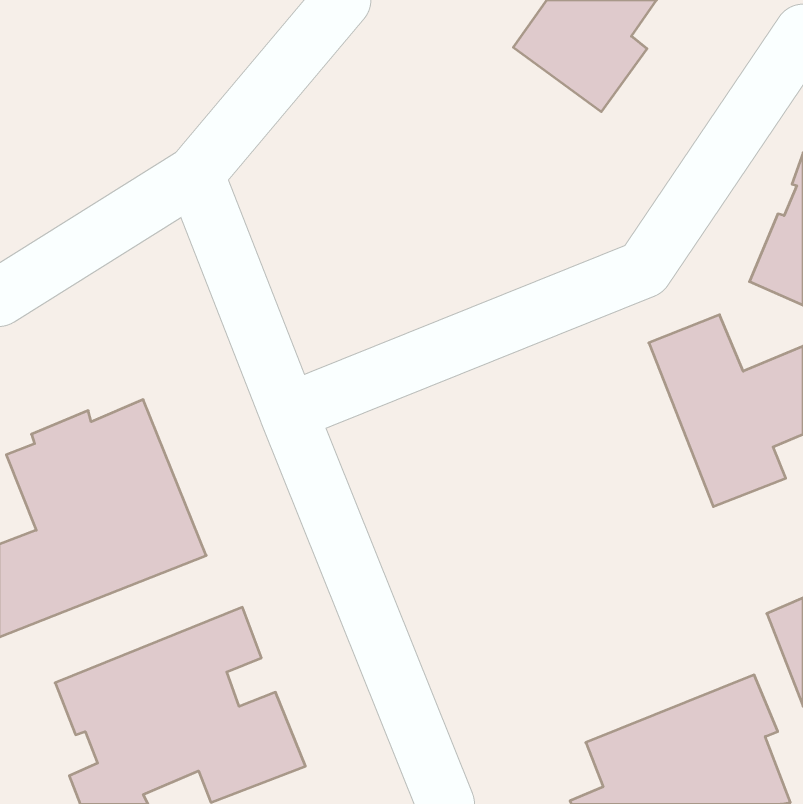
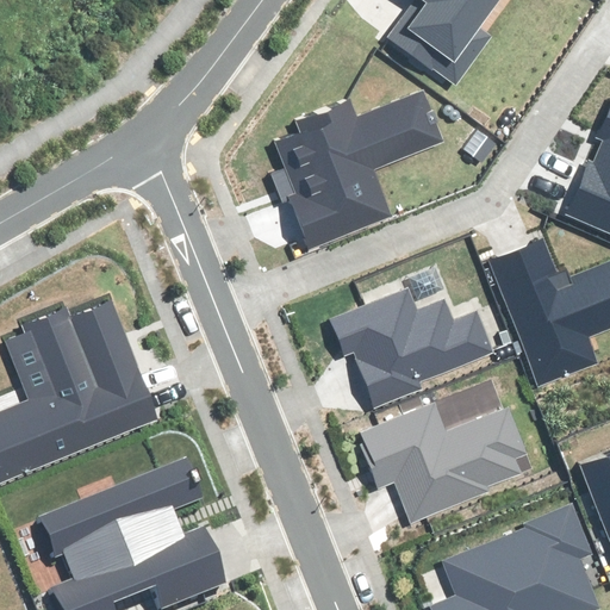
building: none -> [272,92,441,247]
building: none -> [331,288,490,405]
building: none -> [356,403,524,523]

